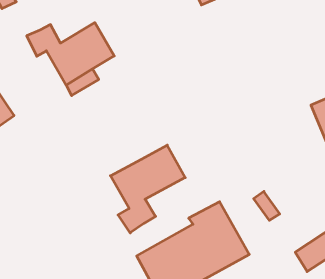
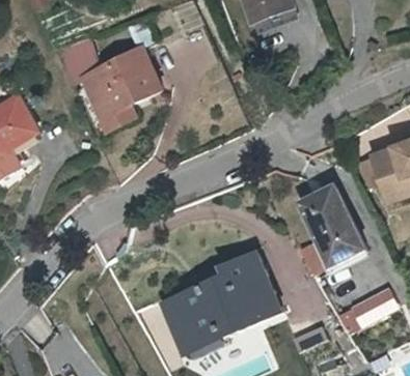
building: none -> [305,187,370,267]
building: [110,145,185,233] -> none

